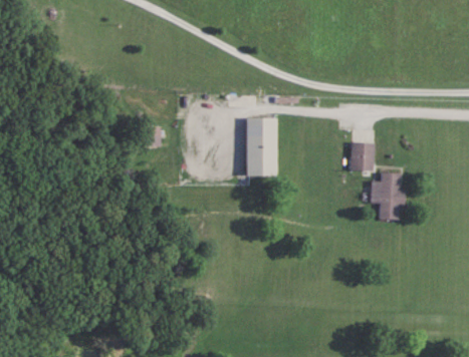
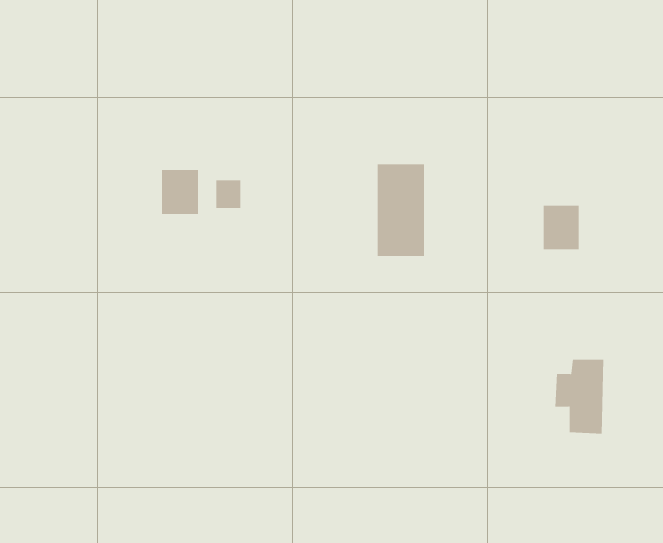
building: none -> [162,169,199,215]
building: [371,172,402,220] -> [555,359,604,434]

